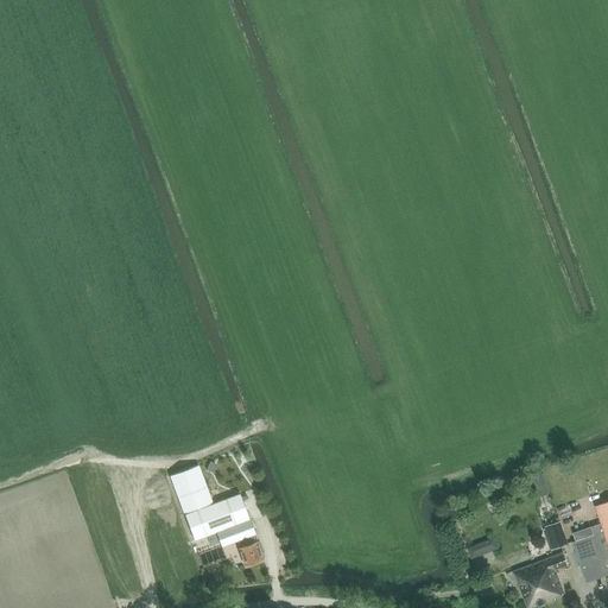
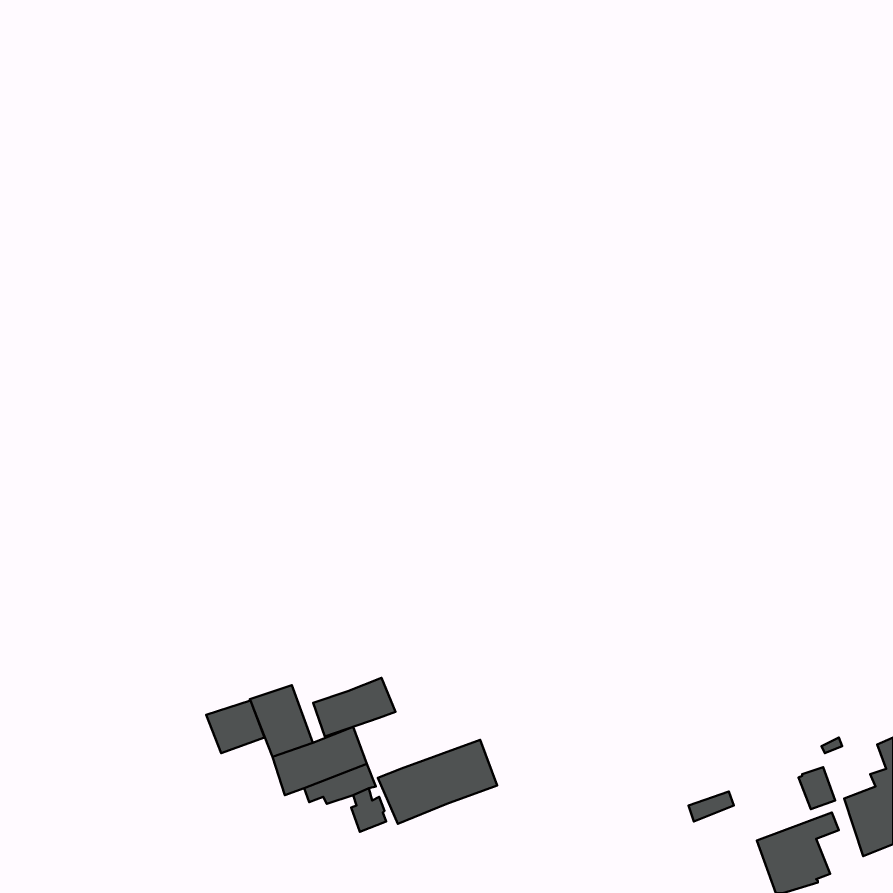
building: none -> [313,678,396,737]
building: none -> [206,701,264,753]
building: none -> [378,740,497,824]

